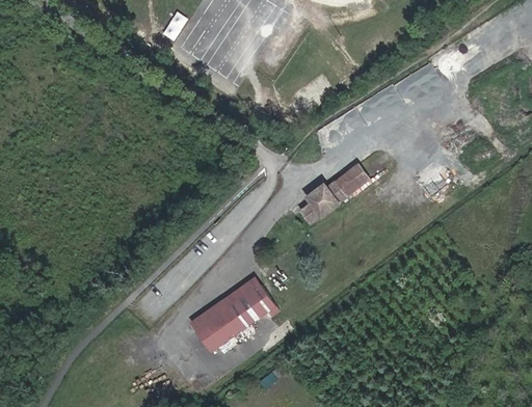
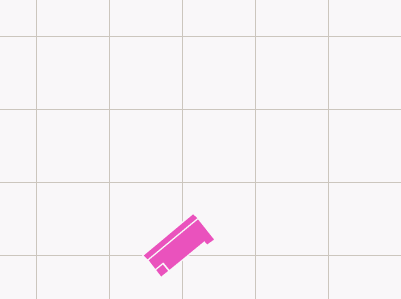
building: [300,162,370,221] -> none

